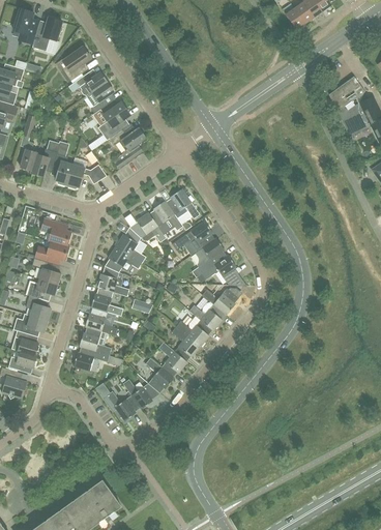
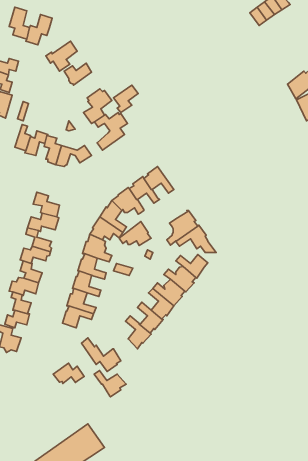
building: [86,82,114,113] -> [114,85,138,113]
building: [179,220,215,247] -> [119,222,151,245]
building: [122,379,158,409] -> [94,370,126,397]
building: none -> [53,363,84,384]

